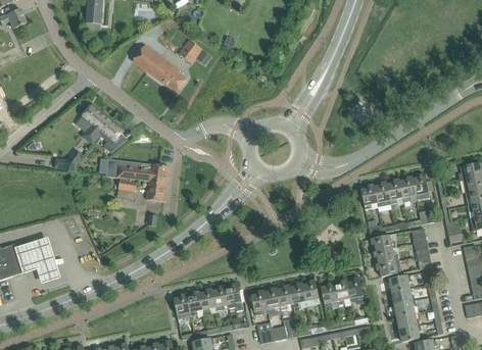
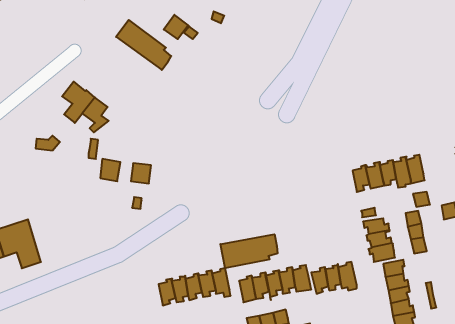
building: [115,163,167,184] -> none
building: none -> [220,234,278,268]

